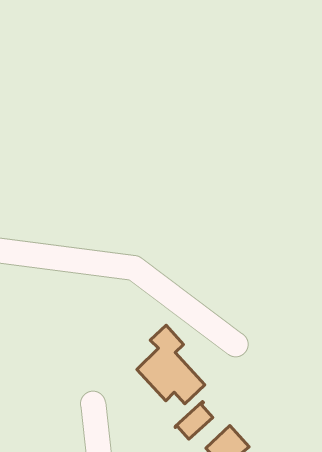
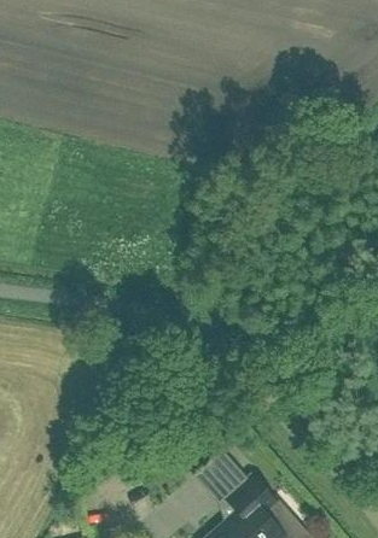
building: [137,325,205,404] -> none

